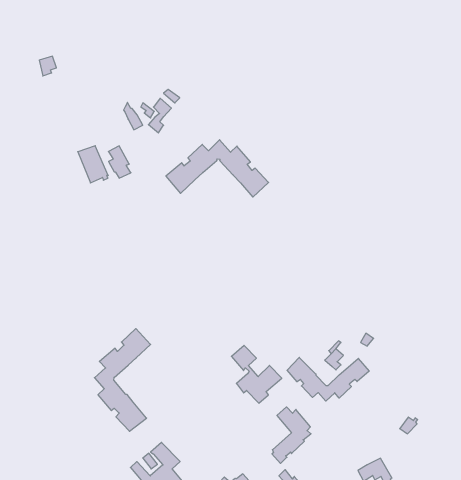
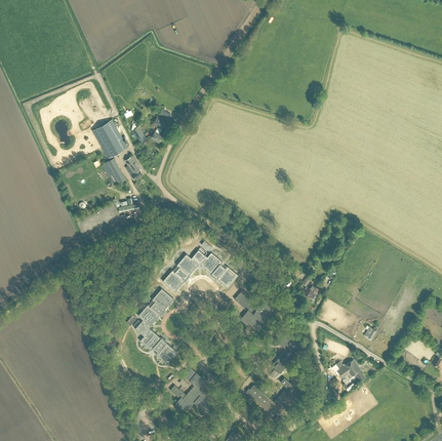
building: none -> [92,120,127,159]
building: [166,140,269,197] -> [162,249,238,292]
building: [287,357,369,401] -> none

